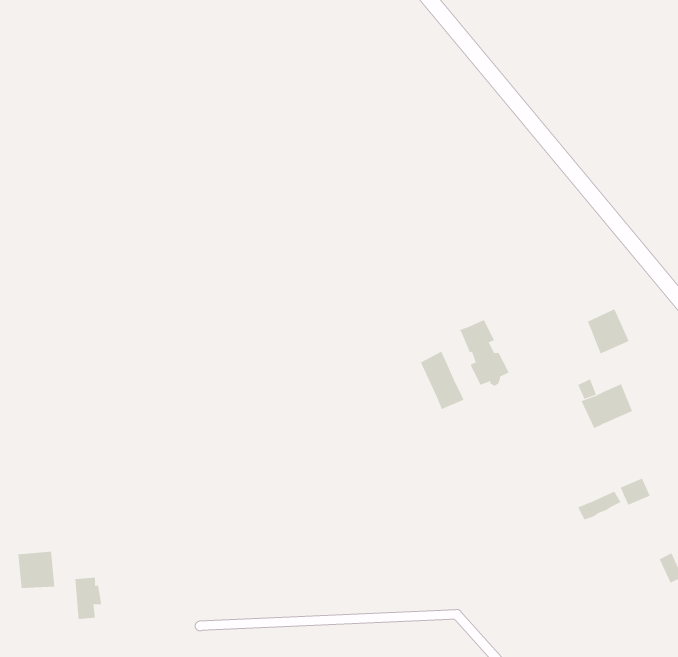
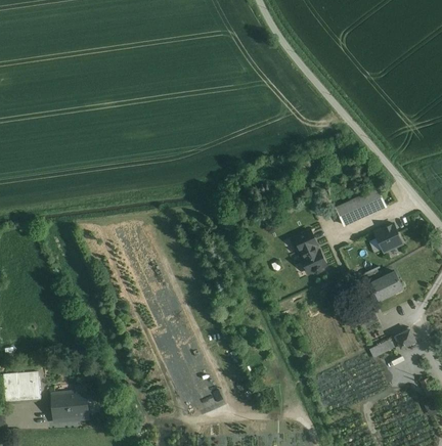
building: none -> [335,190,384,226]
building: [420,351,464,410] -> none
building: none -> [63,392,87,419]

